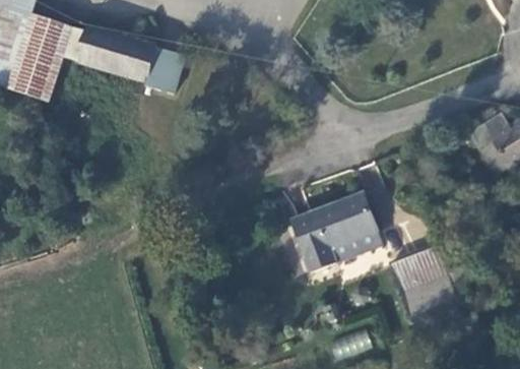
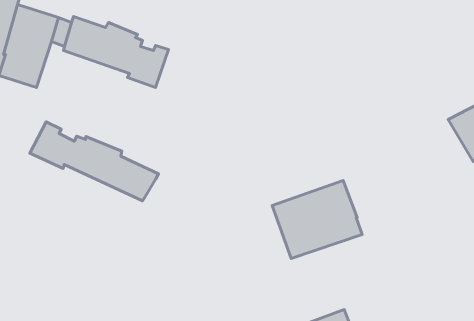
building: none -> [30,122,159,201]
building: [388,243,458,316] -> none

